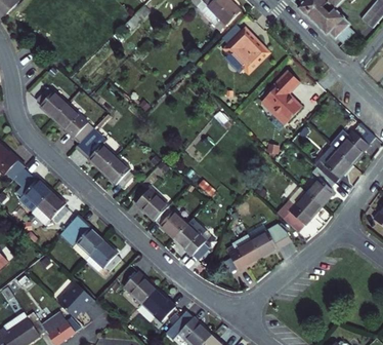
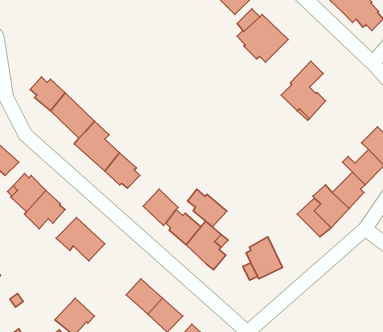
building: none -> [188,189,227,227]
building: [254,226,294,258] -> none
building: [83,236,120,270] -> none

